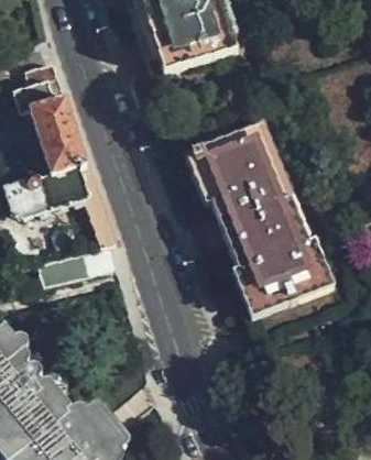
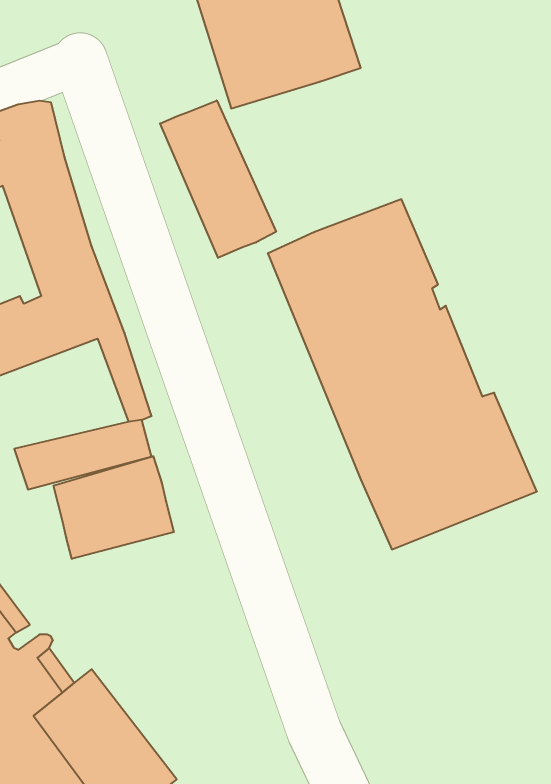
building: none -> [160,100,276,258]
building: none -> [54,456,174,559]

